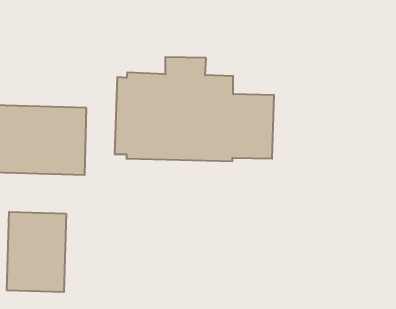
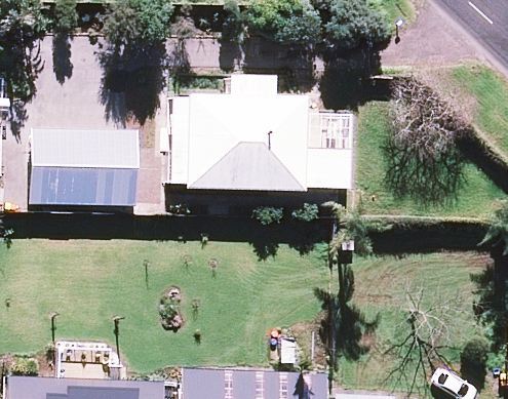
building: [7,212,66,292] -> none

